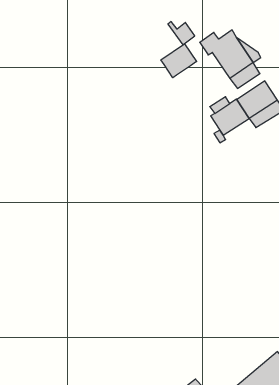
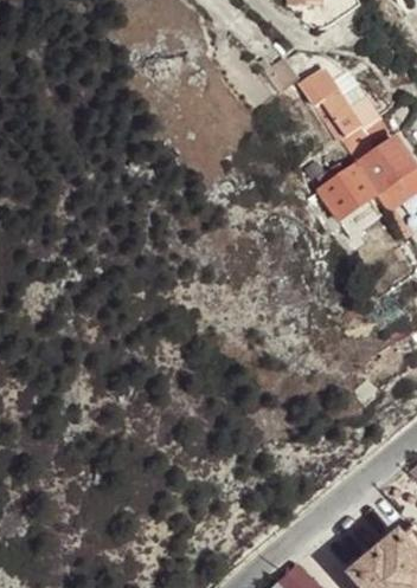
building: [161,44,197,78] -> none

